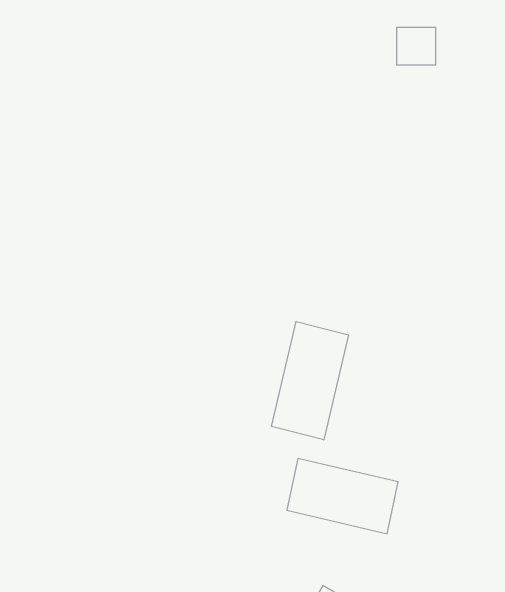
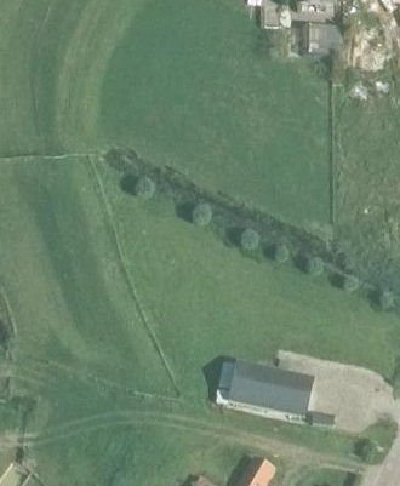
building: [271,321,348,440] -> none

